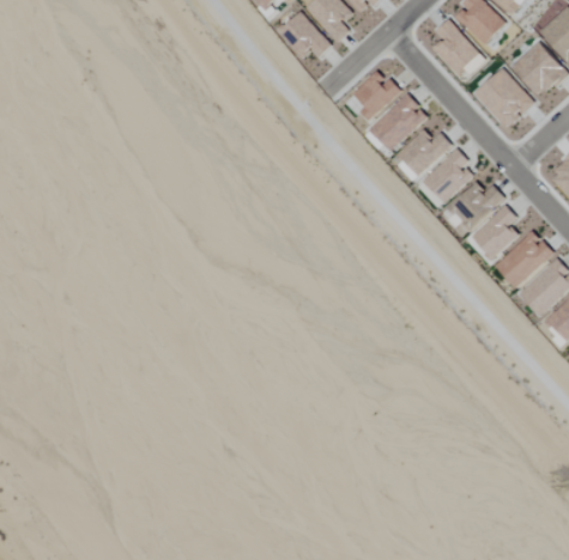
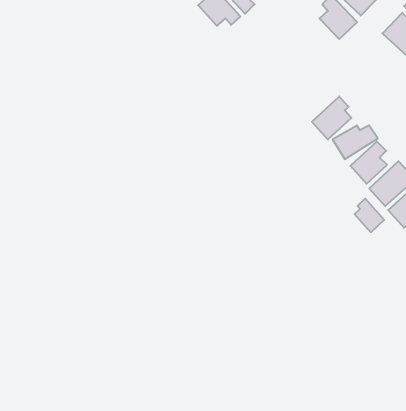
building: [474,68,534,128] -> none
building: [353,71,400,120] -> none
building: [369,92,425,151] -> none
building: [395,128,450,176] -> none
building: none -> [355,199,384,232]

